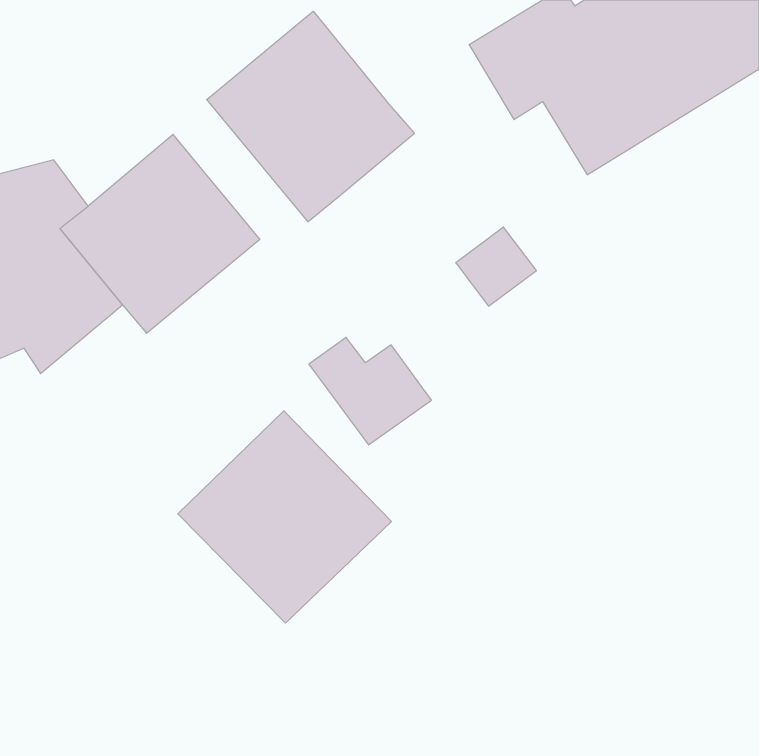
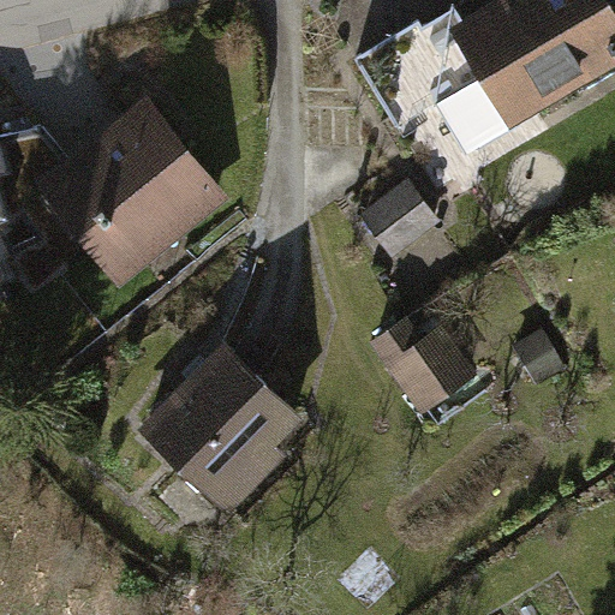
building: [207,11,414,222] -> none
building: [309,337,431,445] -> [374,326,472,412]

